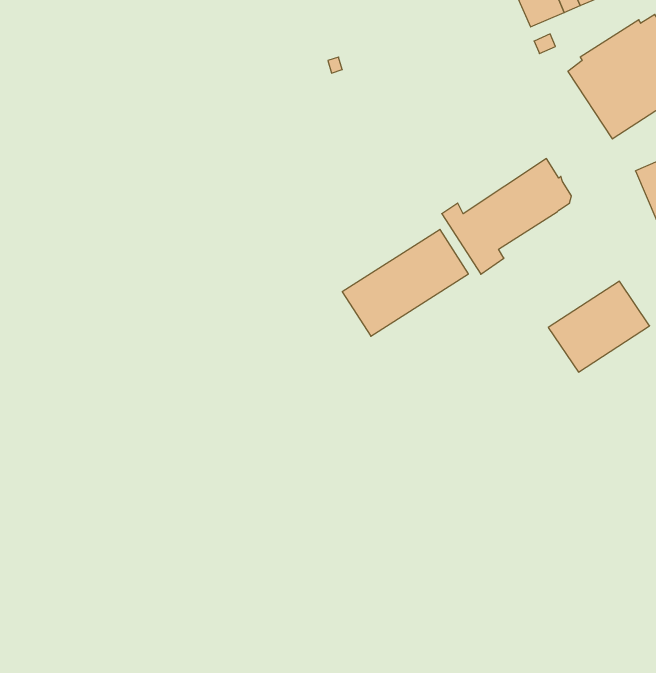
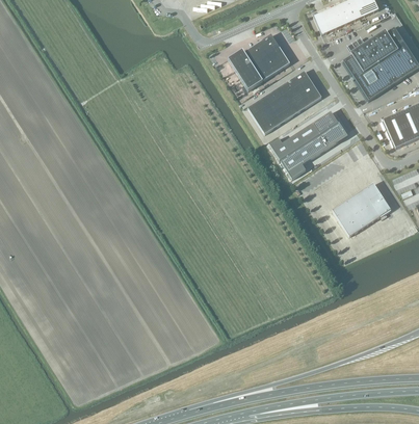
building: none -> [229,33,291,88]
building: [342,229,468,336] -> [248,70,322,132]

